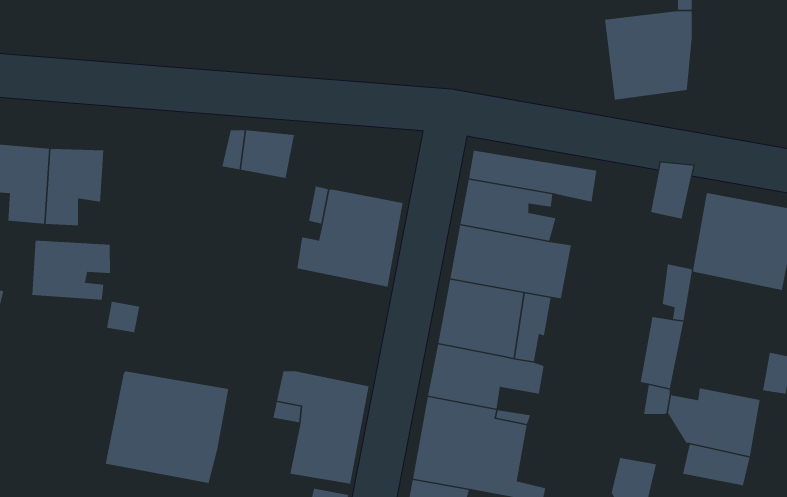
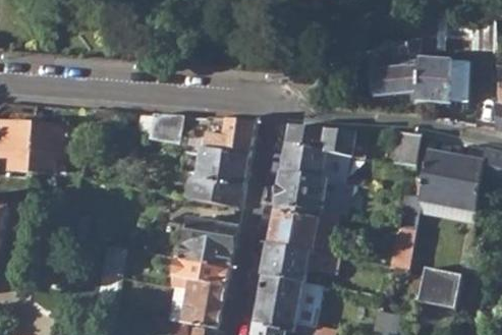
building: none -> [415,57,467,102]
building: none -> [204,118,253,156]
building: [31,240,111,301] -> none
building: none -> [181,218,233,266]
building: [105,371,229,484] -> none

